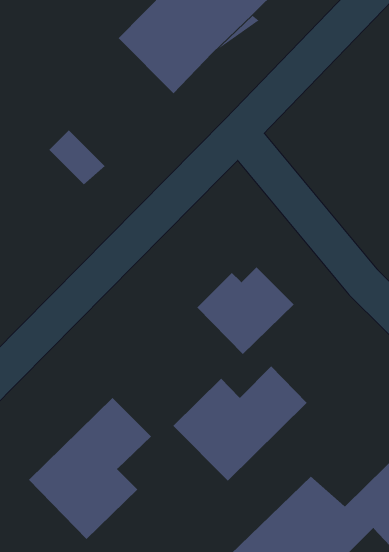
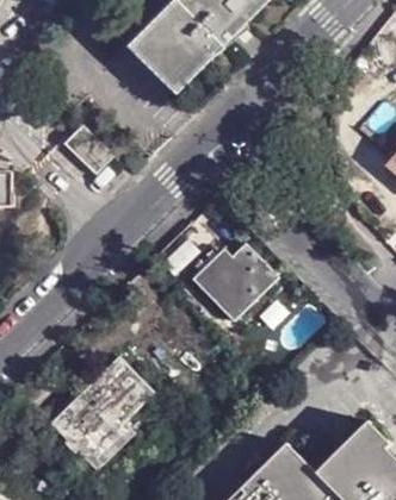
building: [173,365,307,481] -> none

